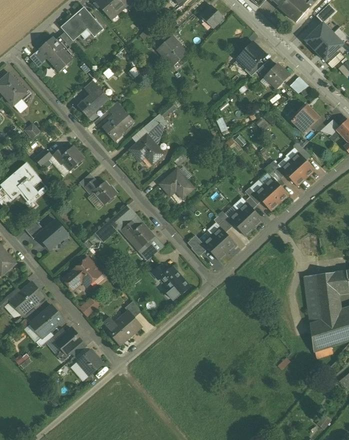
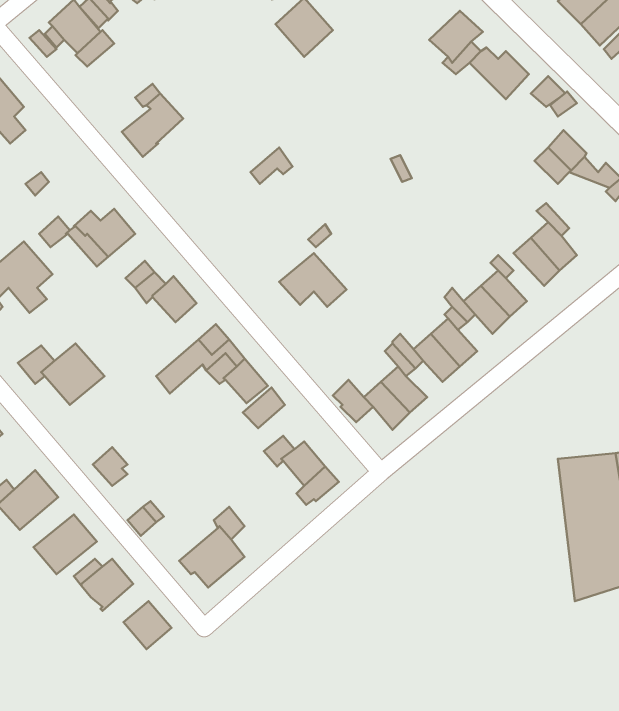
building: [102,101,133,140] -> none
building: [129,133,164,162] -> none
building: [72,257,104,286] -> none

